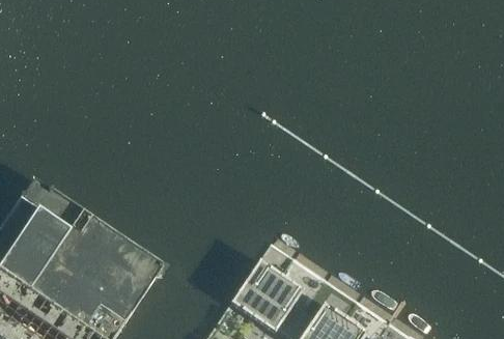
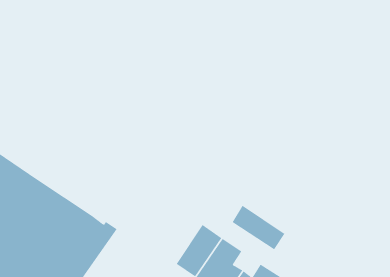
building: none -> [232,205,285,250]

